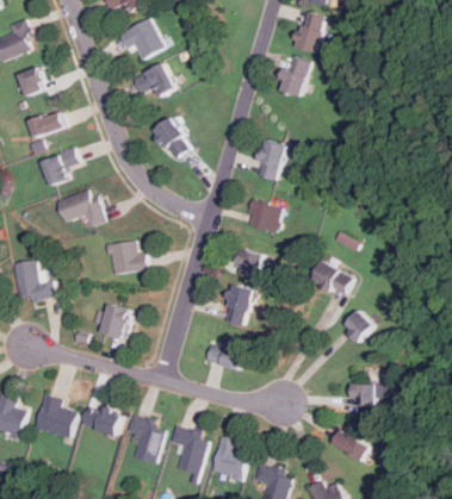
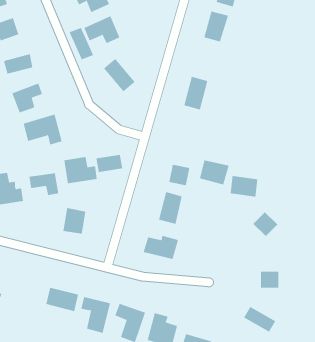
building: none -> [69,27,94,60]
building: [243,200,281,232] -> [199,160,229,185]
building: none -> [96,154,123,173]
building: none -> [29,172,59,196]
building: [32,394,76,439] -> none

